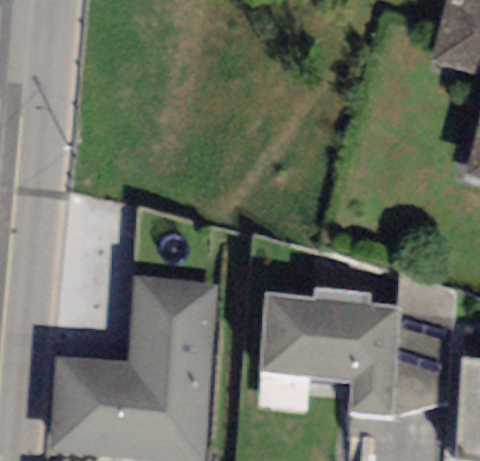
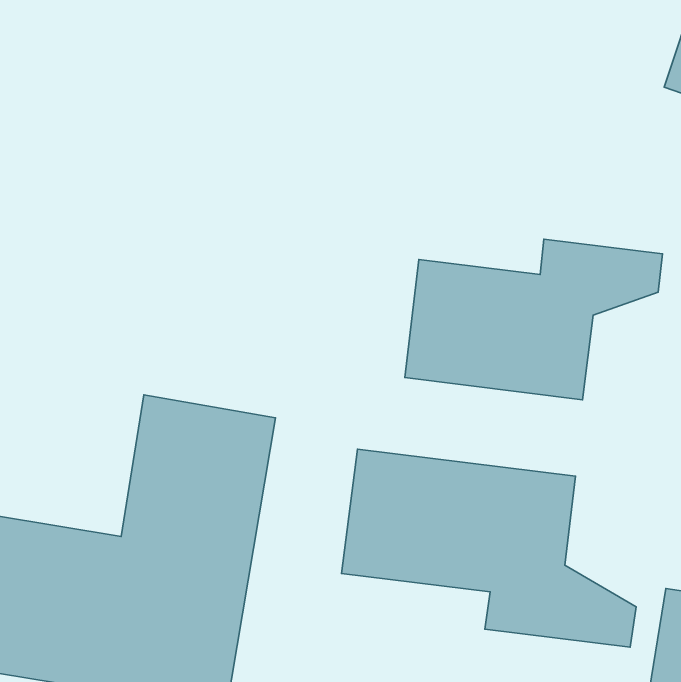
building: none -> [405,239,662,400]

